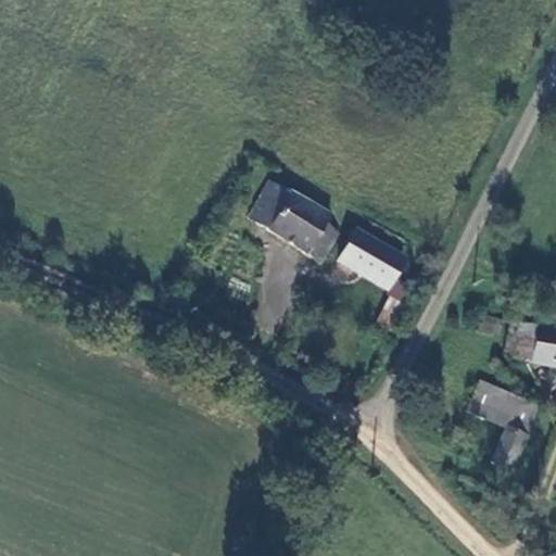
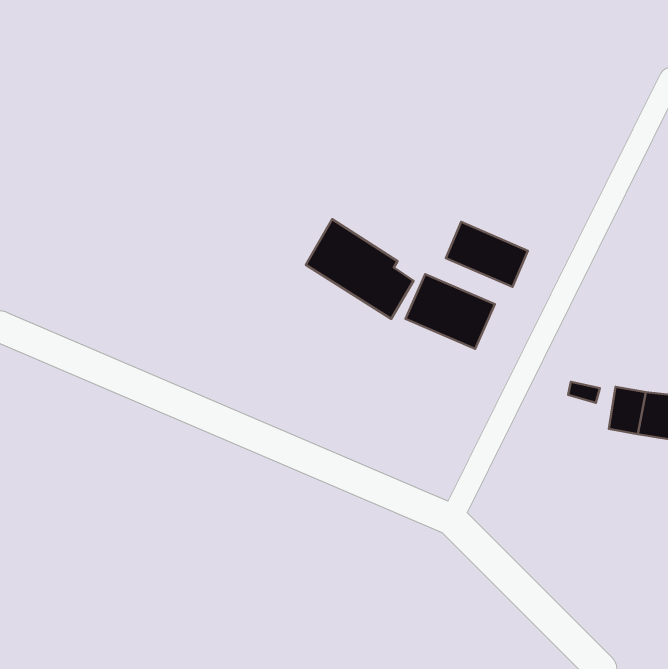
building: none -> [446,222,528,287]
building: [465,380,536,469] -> none

